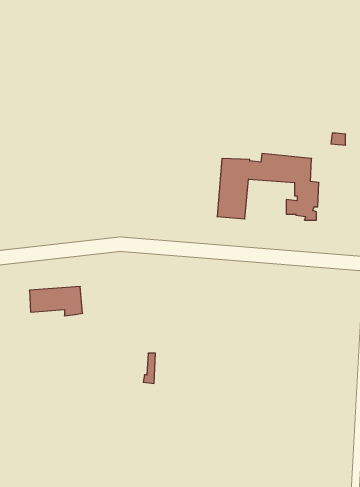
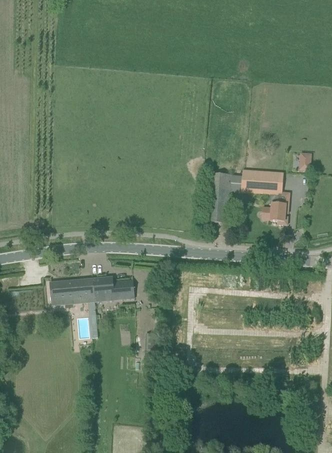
building: none -> [92,275,134,299]

